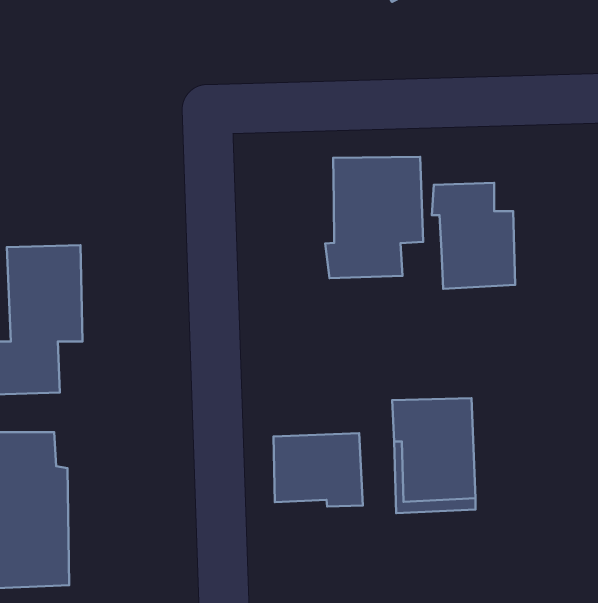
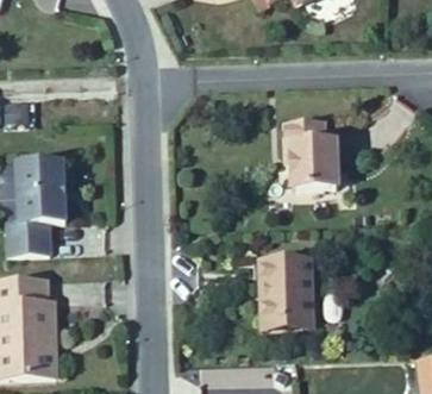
building: [325,157,423,278] -> none
building: [273,433,363,507] -> none

